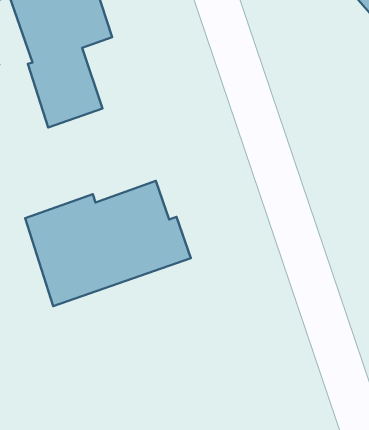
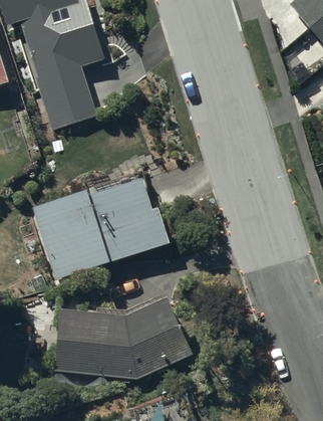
building: none -> [54,290,192,379]

